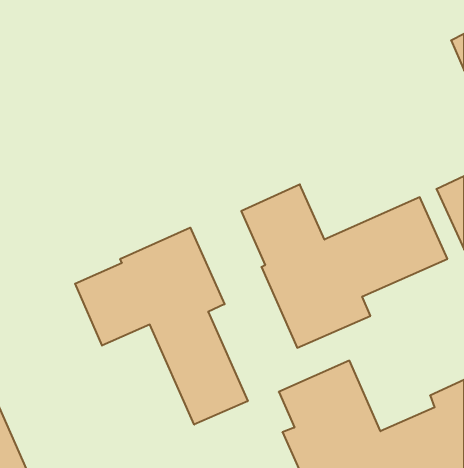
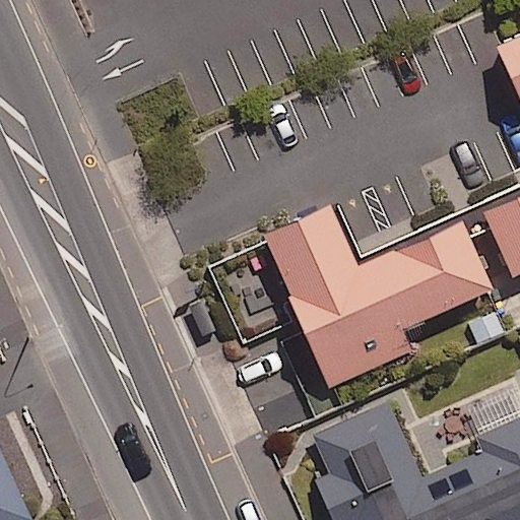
building: [75,228,248,425] -> none

